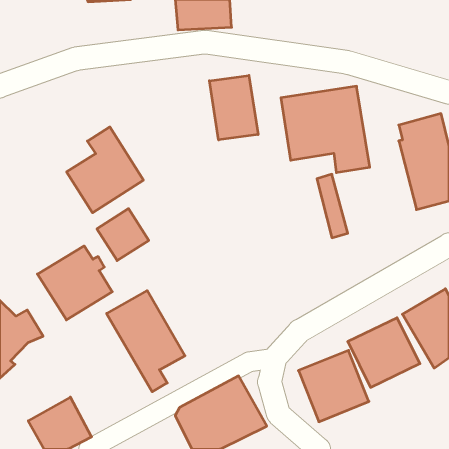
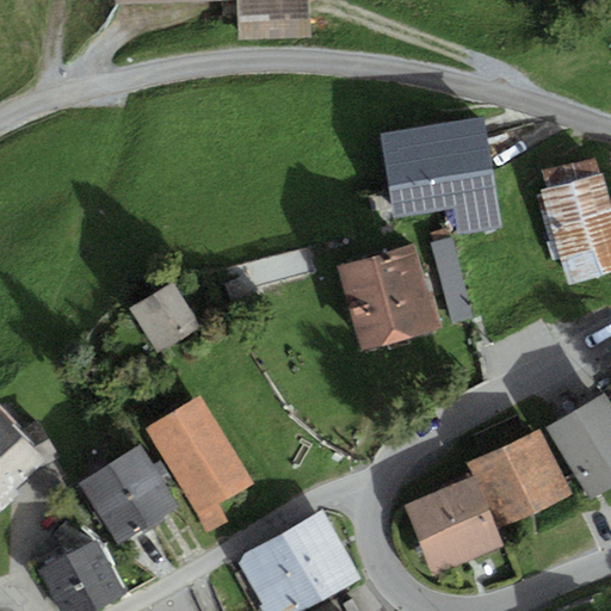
building: [209,75,258,140] -> none
building: [67,127,143,213] -> none
building: none -> [338,243,438,348]
building: [37,246,112,320] -> [76,445,178,545]

